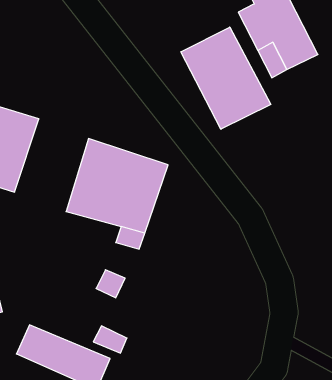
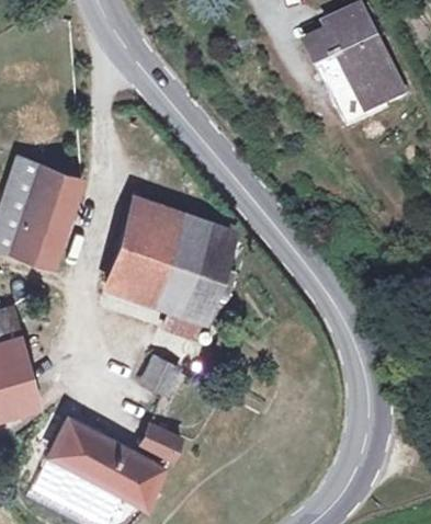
building: [181,27,271,129] -> none

